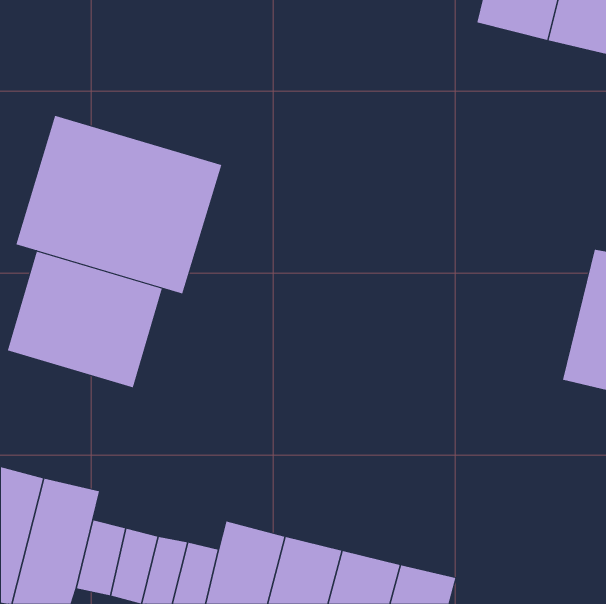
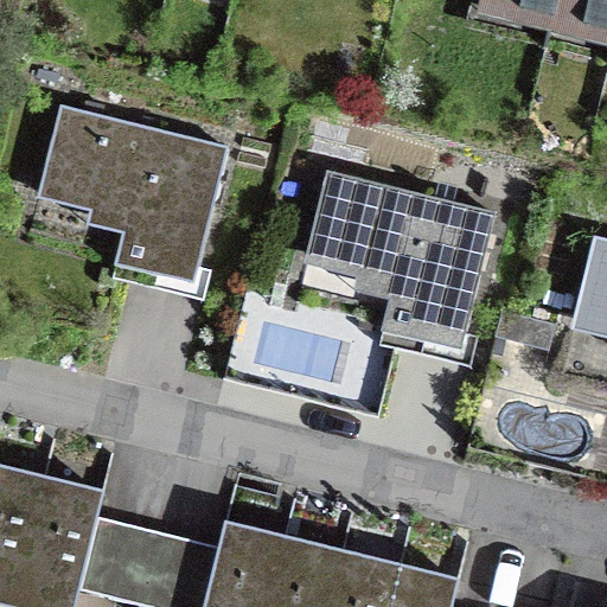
building: none -> [308,171,498,358]
building: [7,251,163,388] -> none

